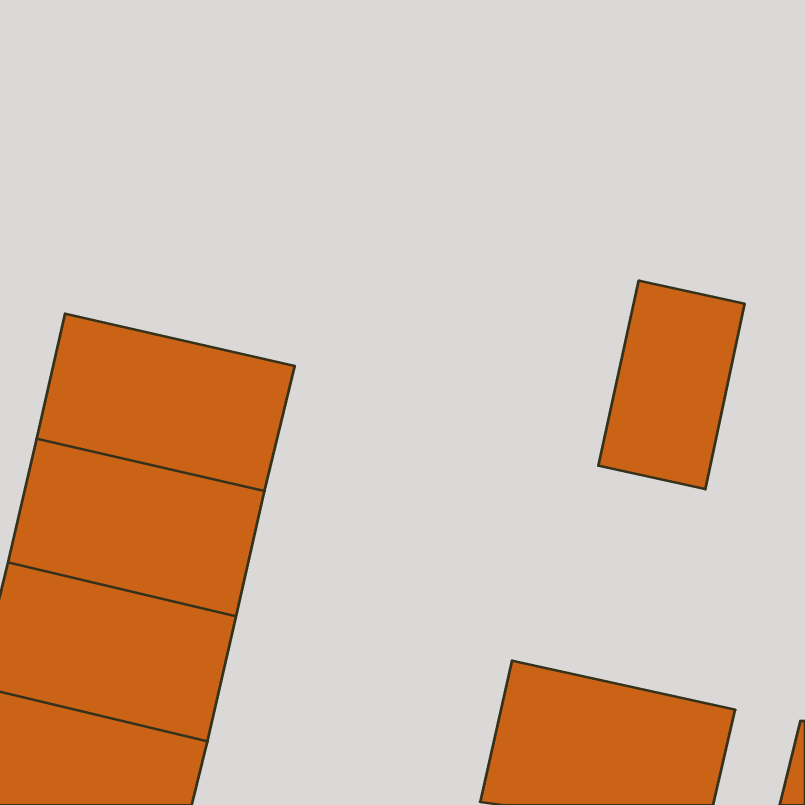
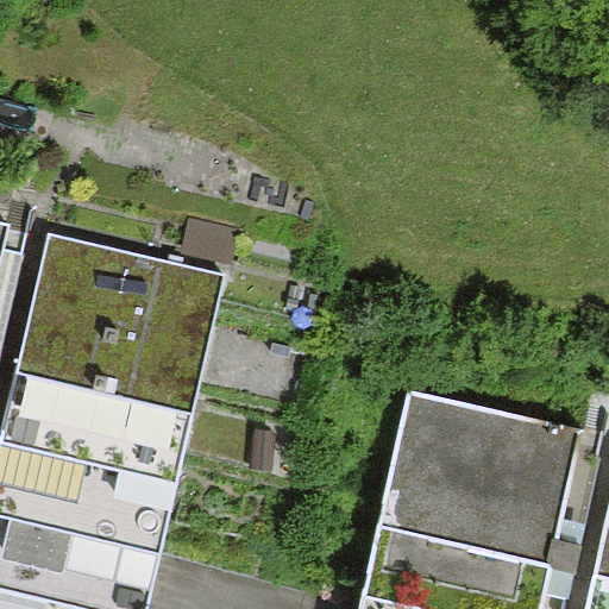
building: [598,281,744,489] -> none
building: none -> [384,390,576,533]

